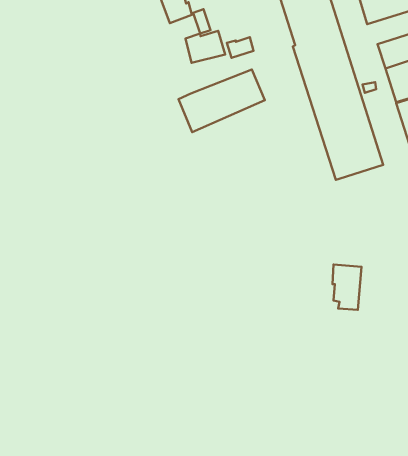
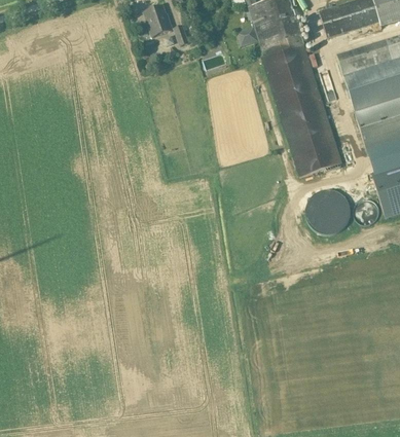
building: [185,31,225,63] -> none
building: [178,70,265,132] -> none
building: [332,265,361,310] -> [319,191,344,231]

